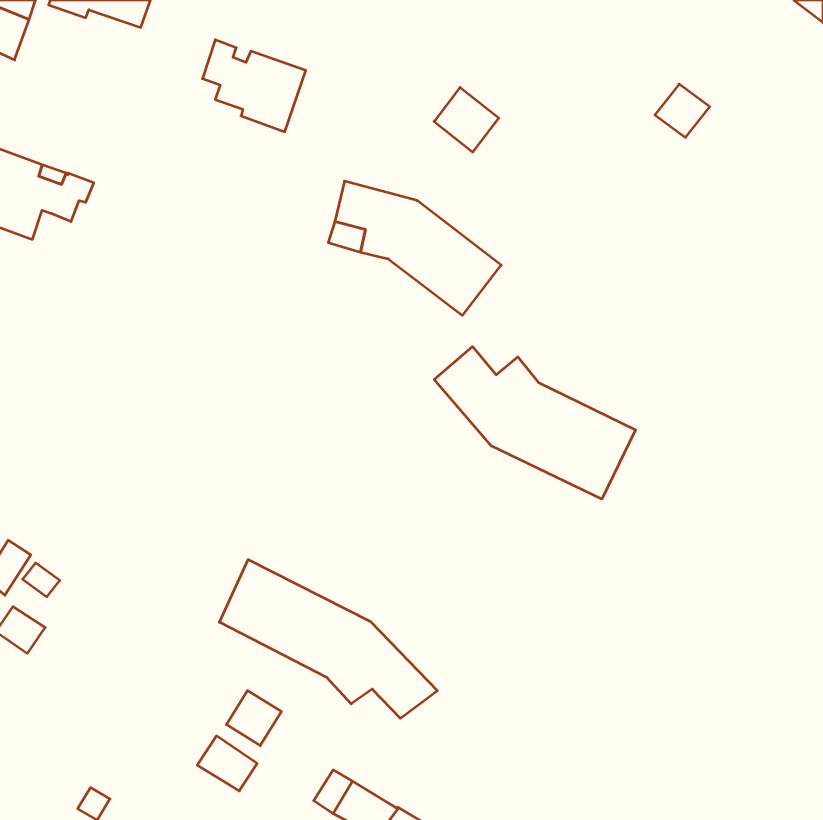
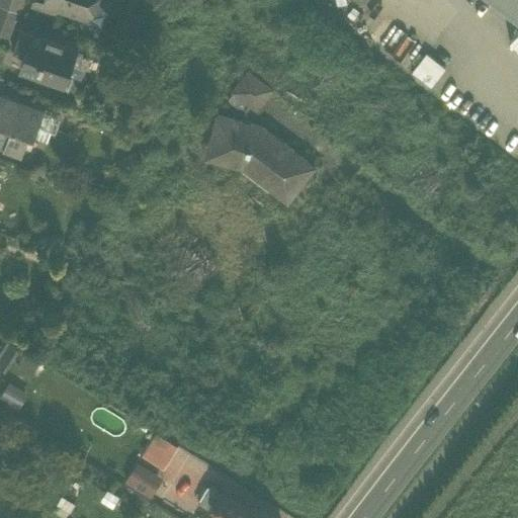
building: [202,40,306,132] -> [11,30,76,88]
building: [434,87,499,152] -> [230,72,270,112]
building: [434,347,636,499] -> none
building: [219,560,437,718] -> none

